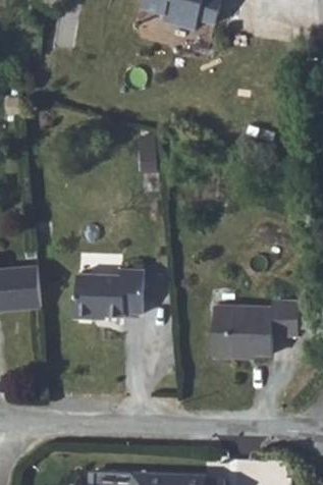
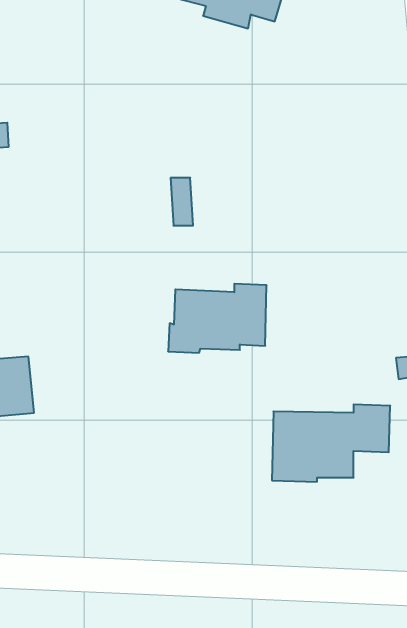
building: [71,269,143,319] -> [168,284,267,353]

